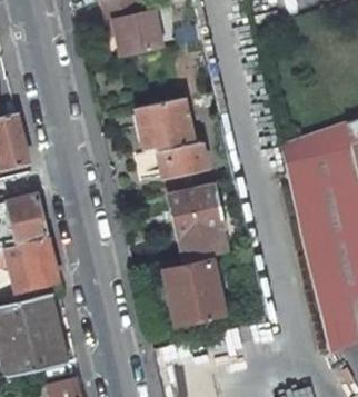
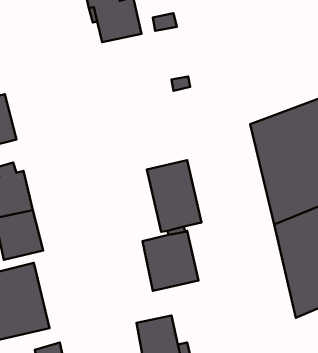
building: [136,98,207,179] -> none

